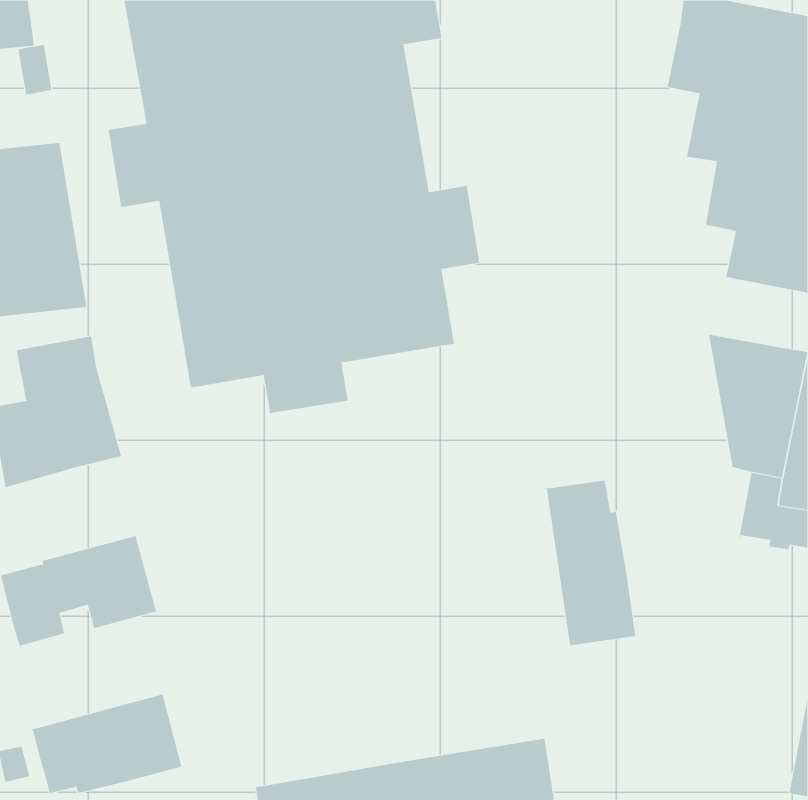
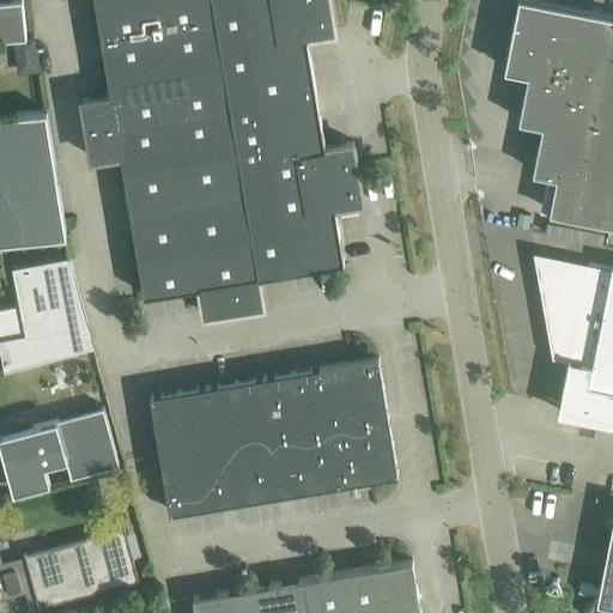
building: none -> [150,363,397,516]
building: [543,480,636,646] -> none

